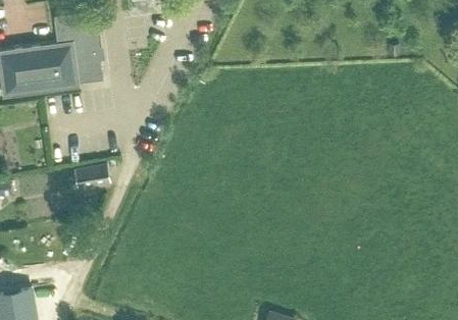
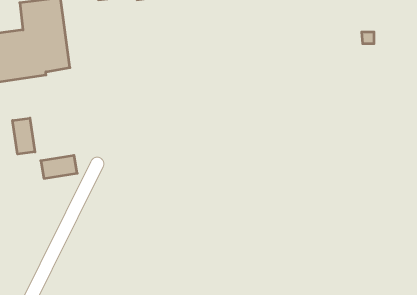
building: none -> [13,118,35,154]

